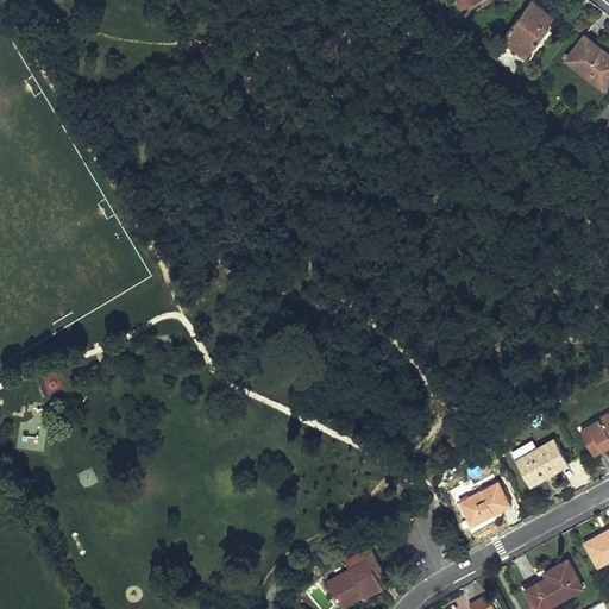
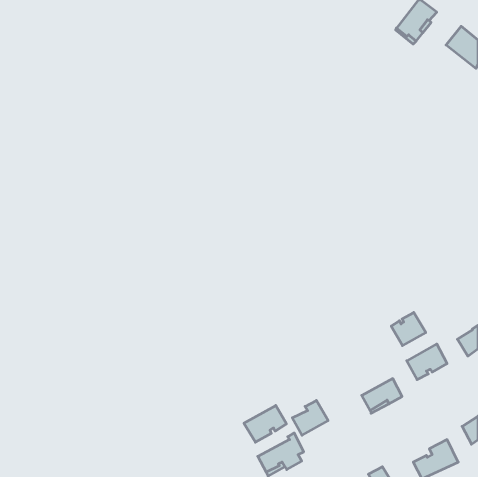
building: none -> [391,312,426,346]
building: none -> [292,400,328,435]
building: none -> [244,405,286,442]

